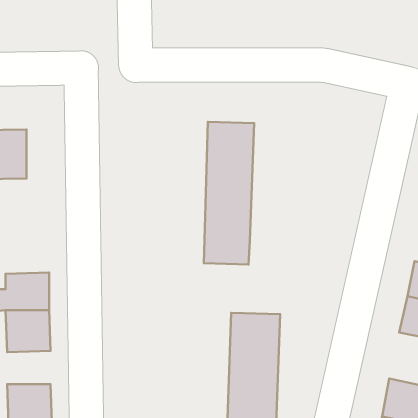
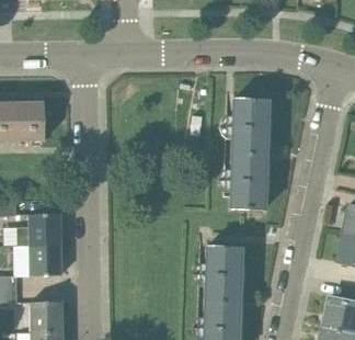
building: [204,122,254,265] -> [229,99,268,211]

